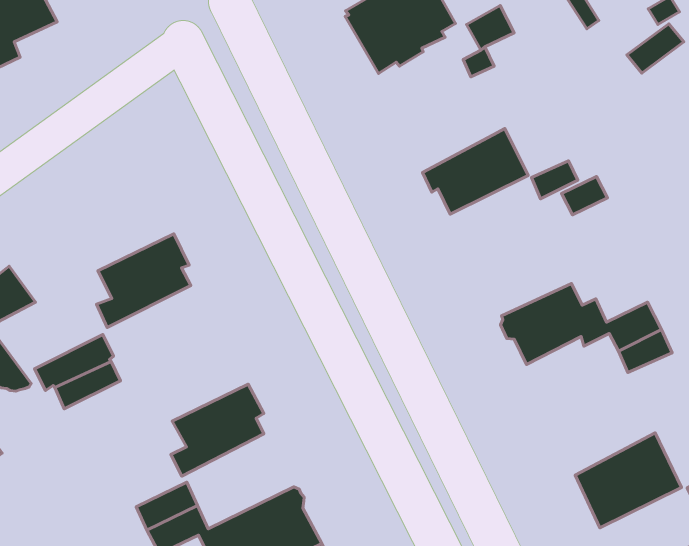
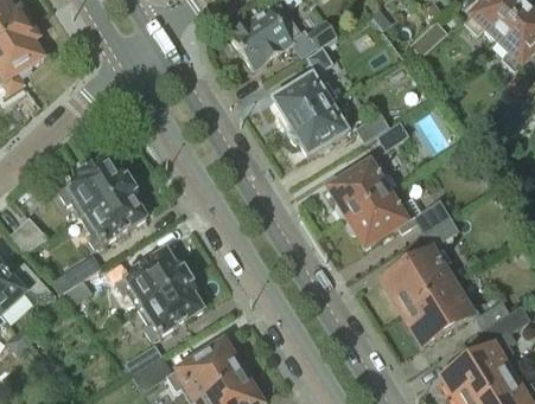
building: none -> [273,72,330,129]
building: none -> [58,153,132,212]
building: none -> [329,155,389,216]
building: none -> [115,248,189,303]
building: none -> [382,248,452,313]

